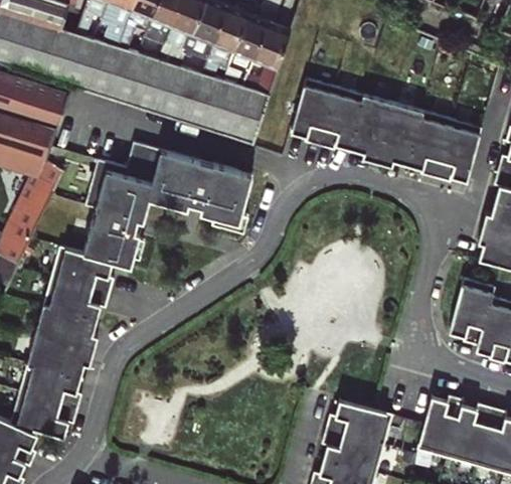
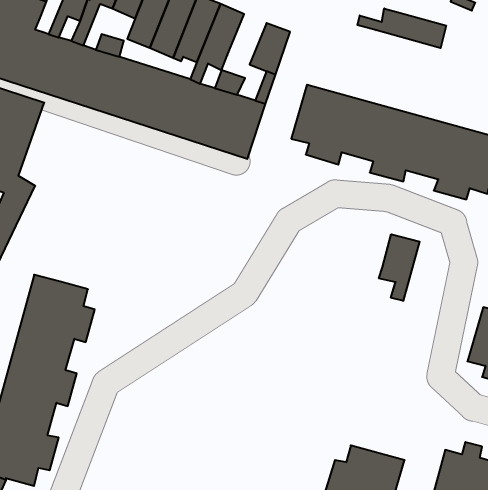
building: none -> [357,8,446,48]
building: [232,15,268,60] -> none
building: [82,143,252,268] -> none
building: none -> [379,234,420,301]

